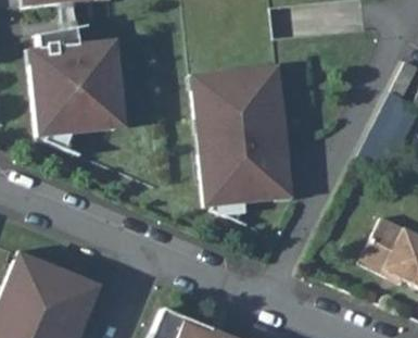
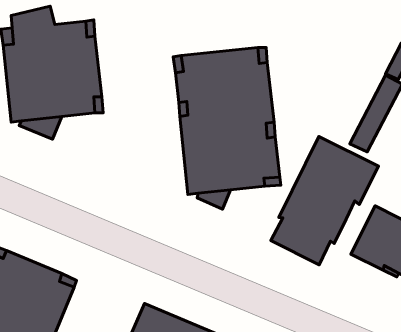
building: none -> [271,137,378,265]

